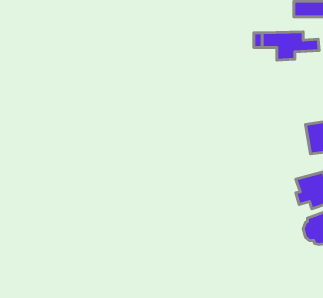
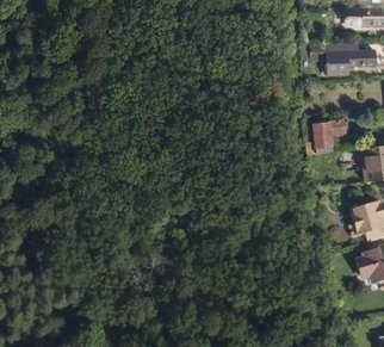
building: none -> [314,120,345,154]

